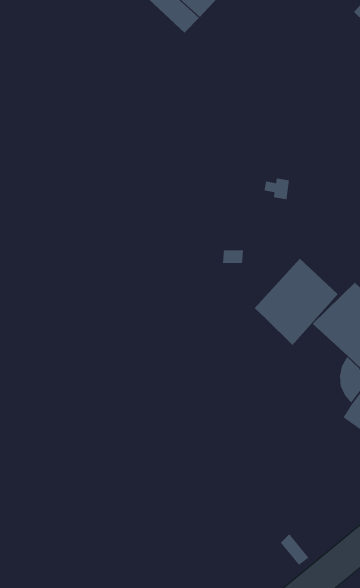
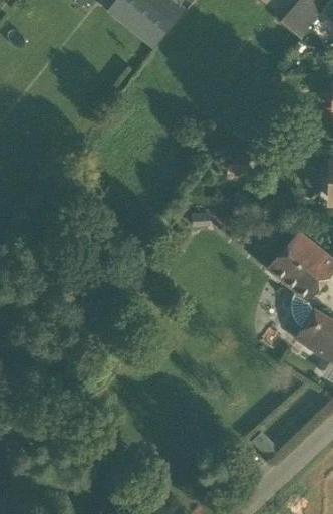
building: [254,258,339,346] -> none

